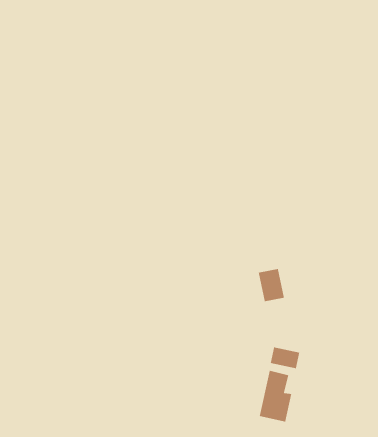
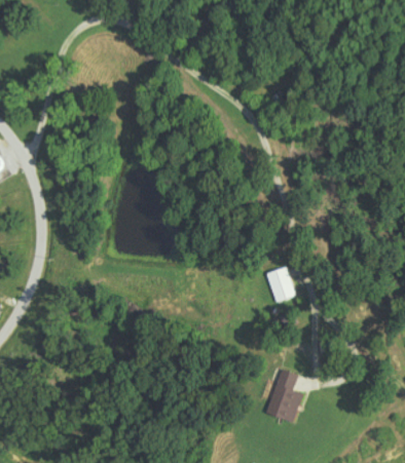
building: [270,346,300,369] -> none

